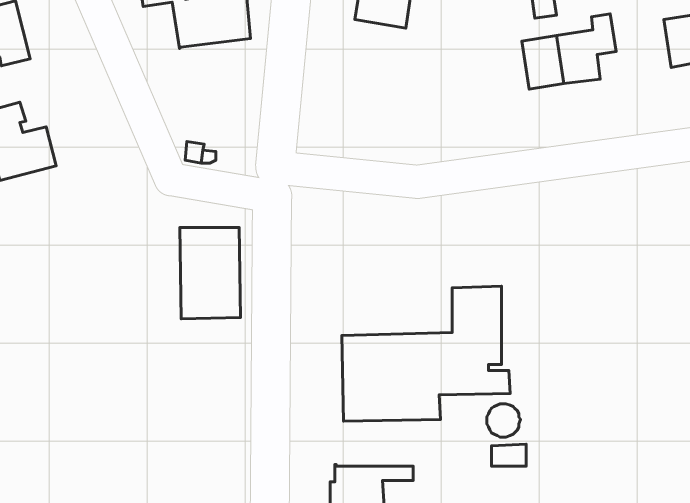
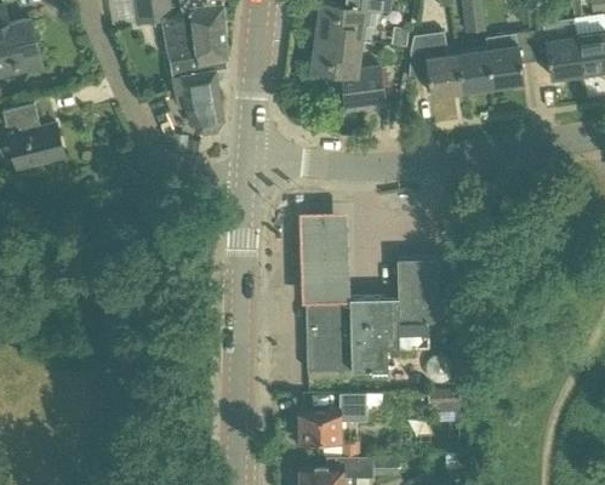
building: none -> [529,29,580,80]
building: none -> [409,33,461,98]
building: none -> [310,35,388,109]
building: none -> [170,51,228,133]
building: [180,228,241,319] -> [292,219,343,296]

